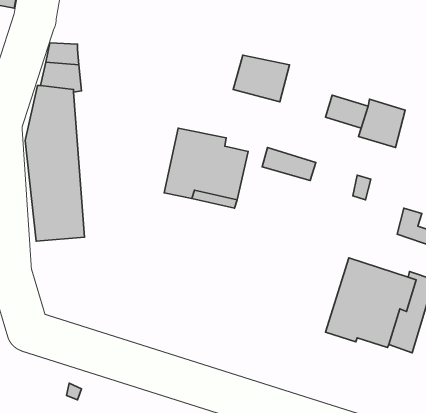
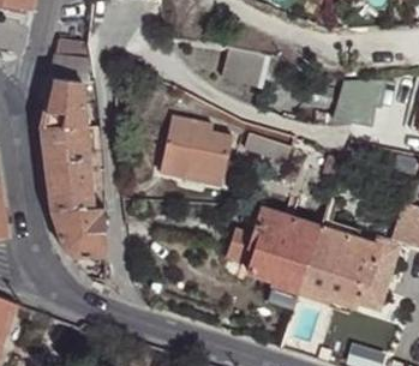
building: none -> [49,210,106,259]
building: none -> [227,210,322,293]

